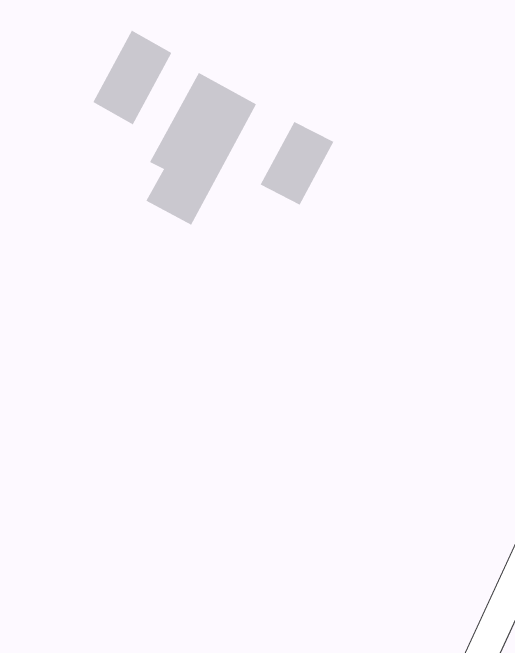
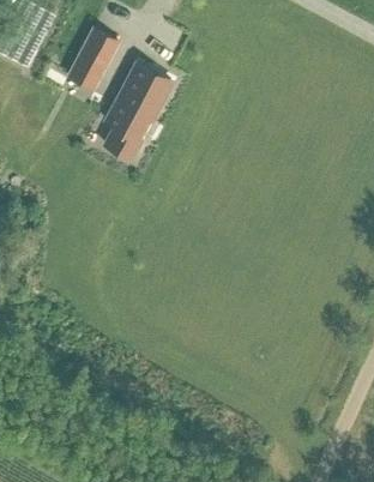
building: [260,121,334,205] -> none

